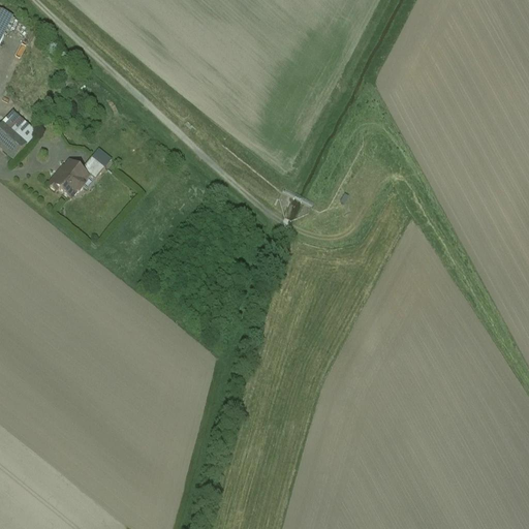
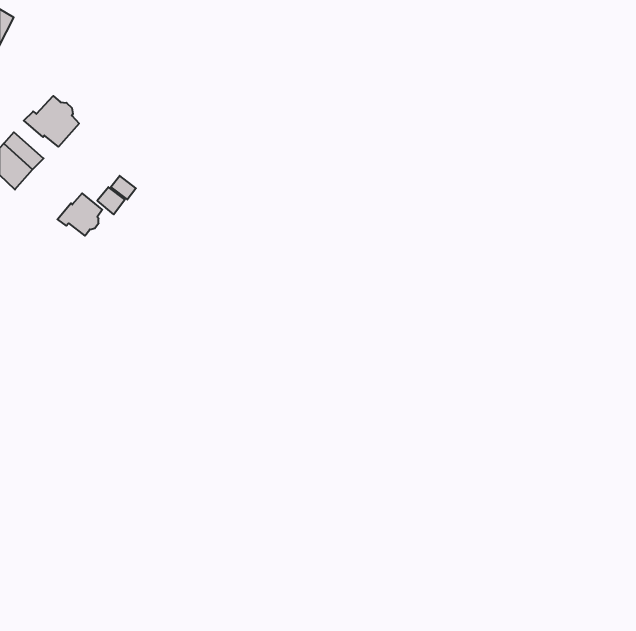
building: none -> [24,96,79,147]

